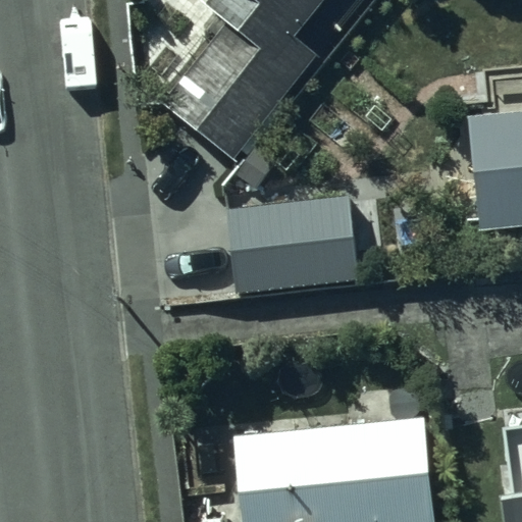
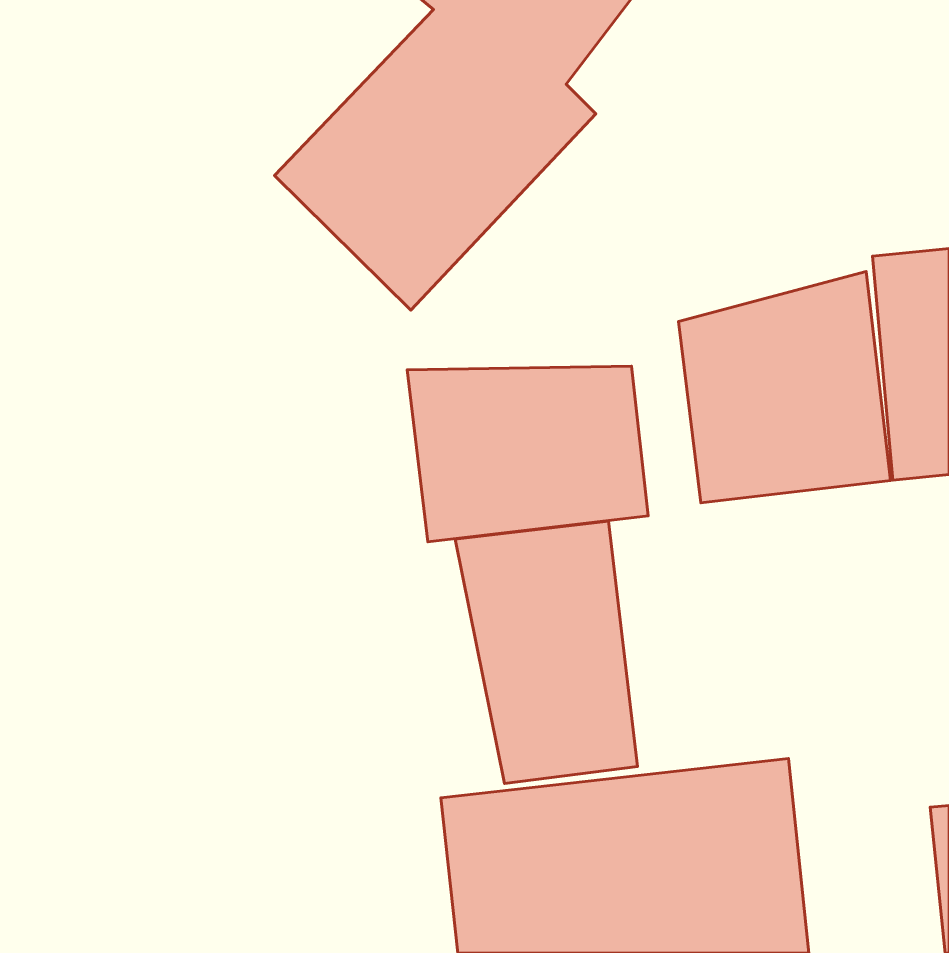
building: none -> [679,272,891,503]
building: none -> [455,521,638,783]

